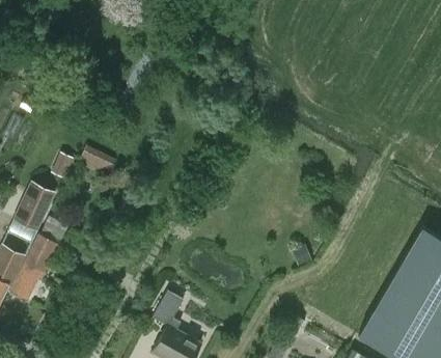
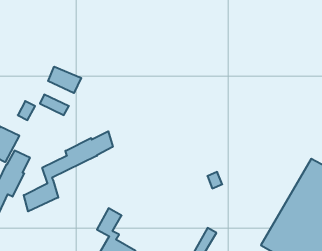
building: none -> [48,67,81,93]
building: none -> [24,131,113,211]

